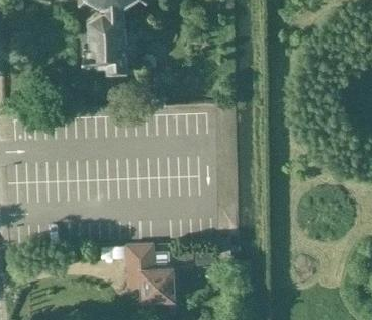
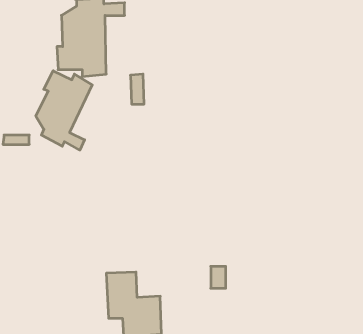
building: none -> [36,71,92,150]

